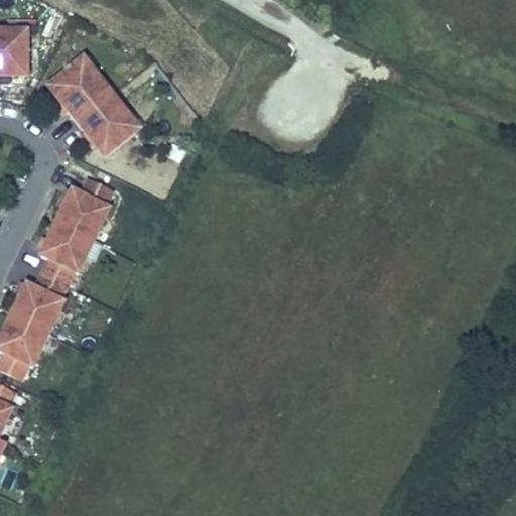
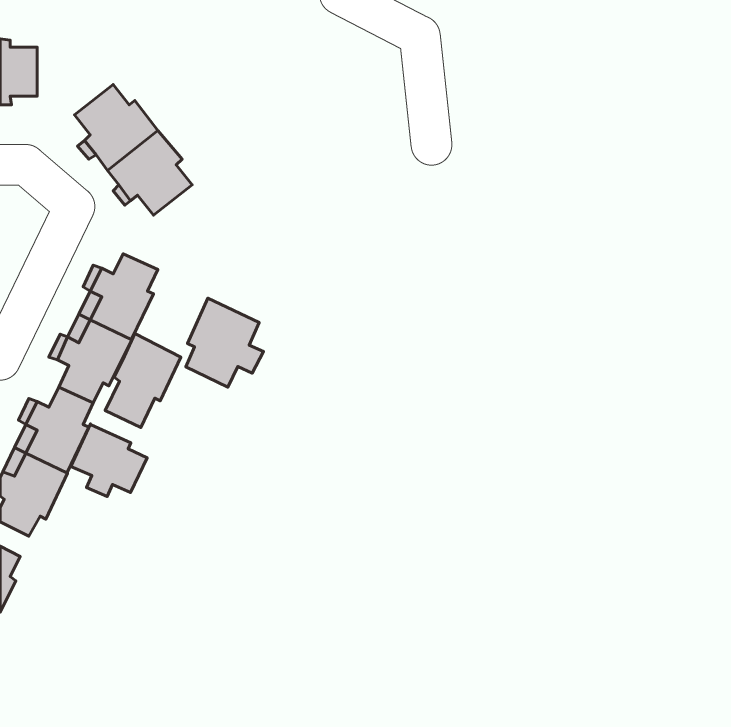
building: none -> [186,298,264,387]
building: none -> [105,334,181,428]
building: none -> [71,424,147,496]

